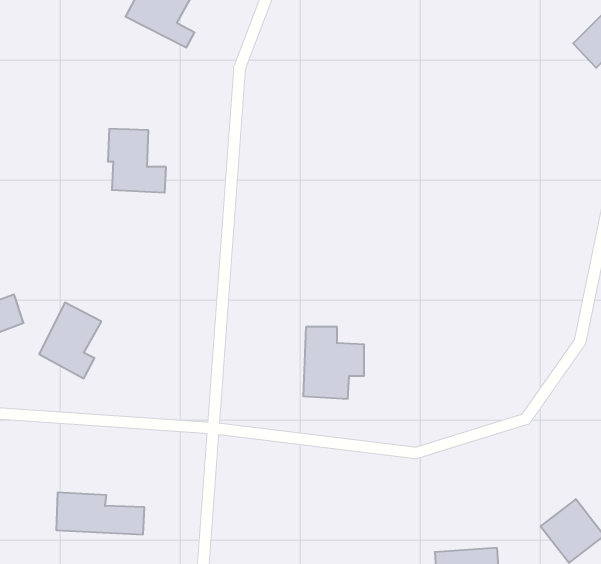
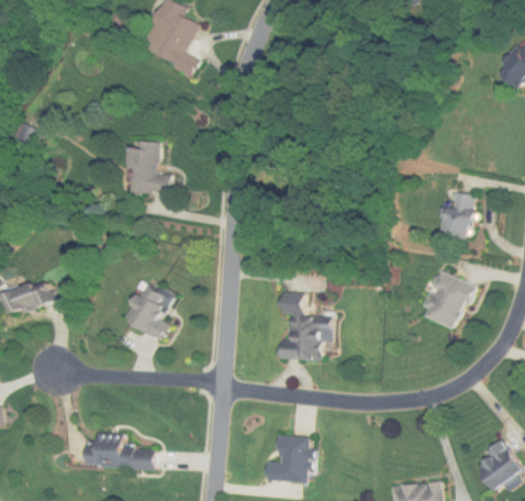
building: none -> [450,192,473,235]
building: none -> [416,268,473,330]
building: [39,303,101,378] -> [123,278,174,339]
building: none -> [264,434,310,481]

